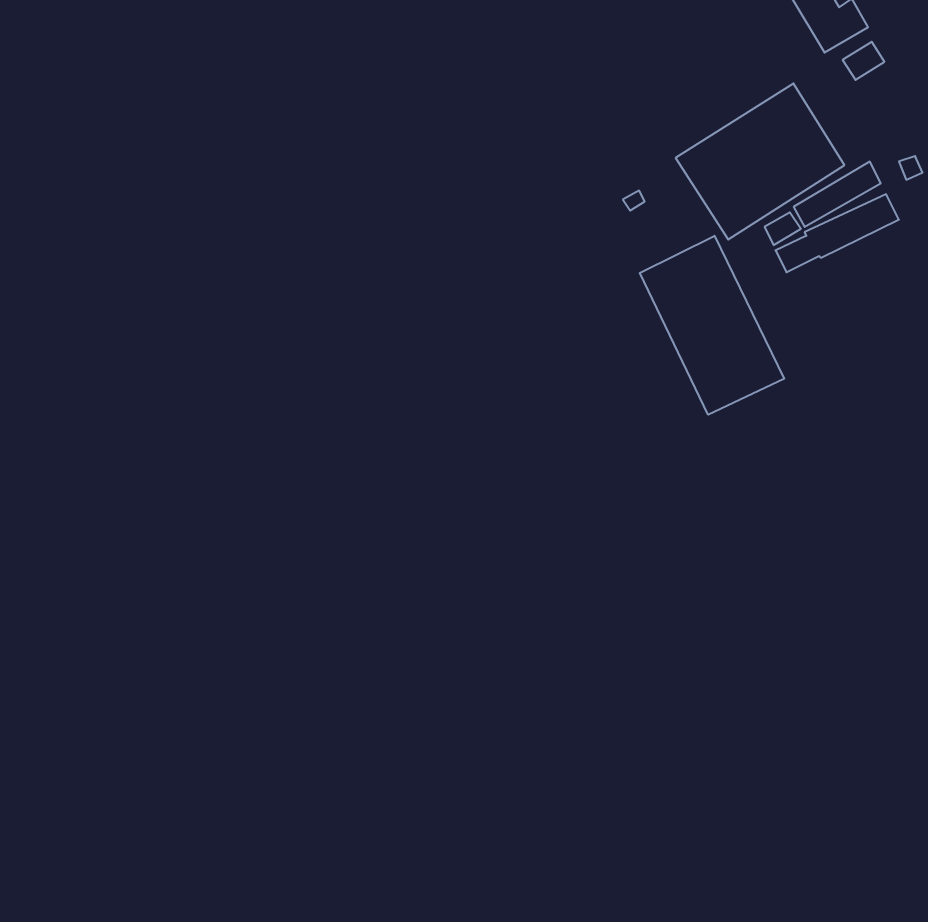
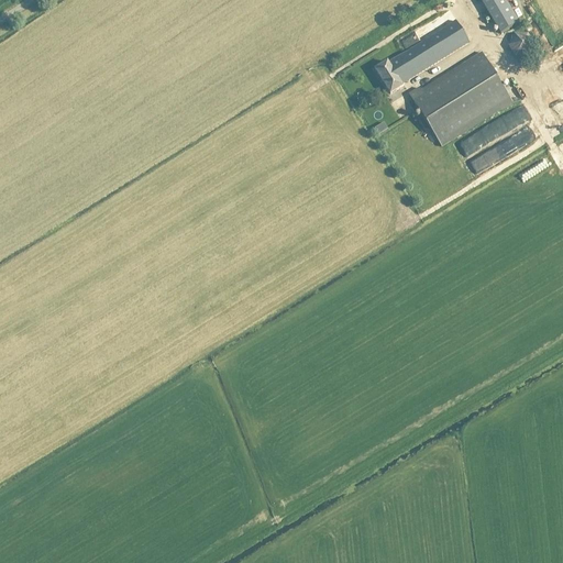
building: none -> [374,20,468,92]
building: [640,236,784,415] -> none

